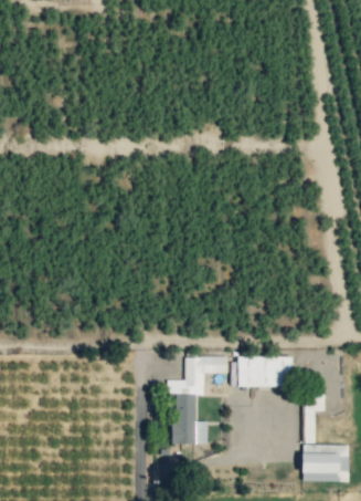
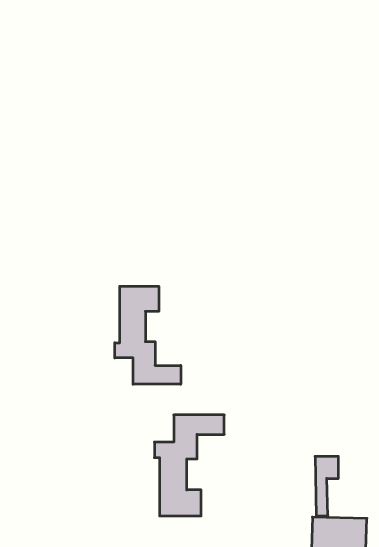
building: none -> [115,286,181,384]
building: [237,356,291,387] -> none

